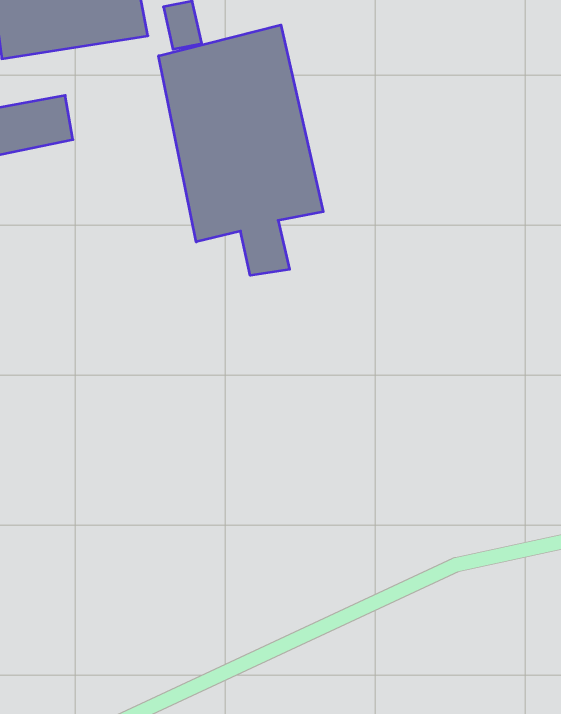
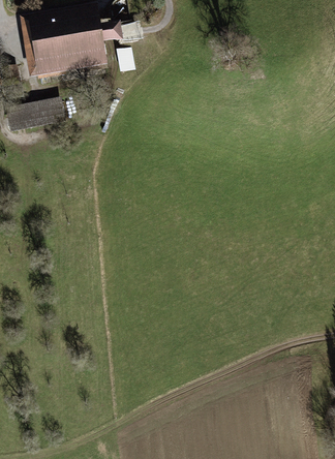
building: [159,25,323,275] -> none

